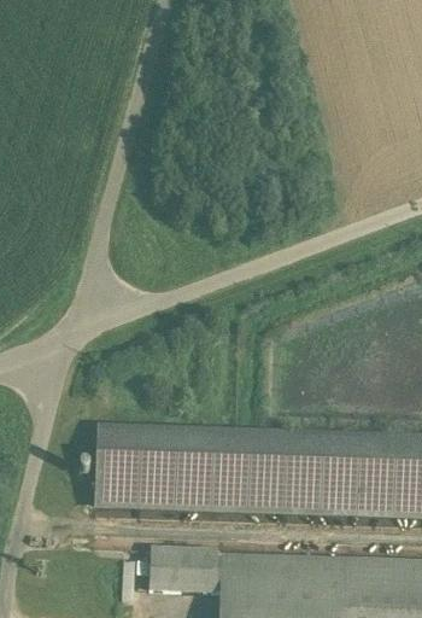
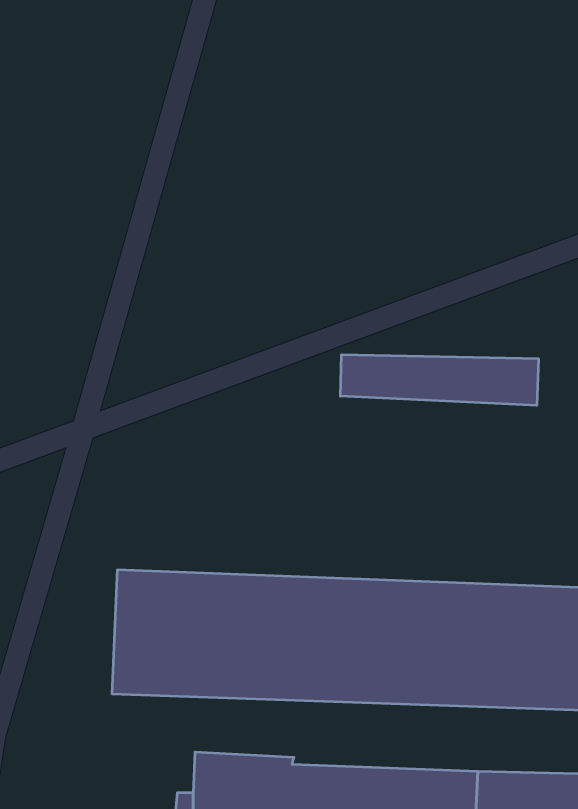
building: none -> [340,355,538,405]

